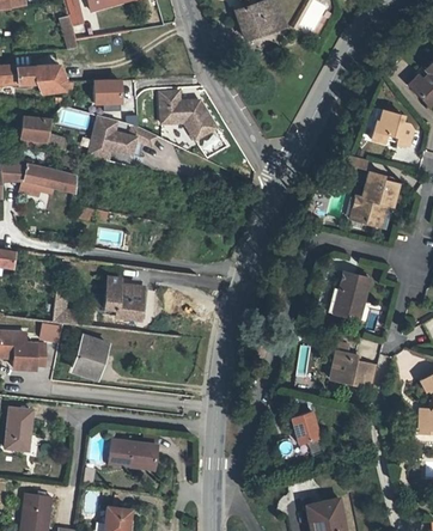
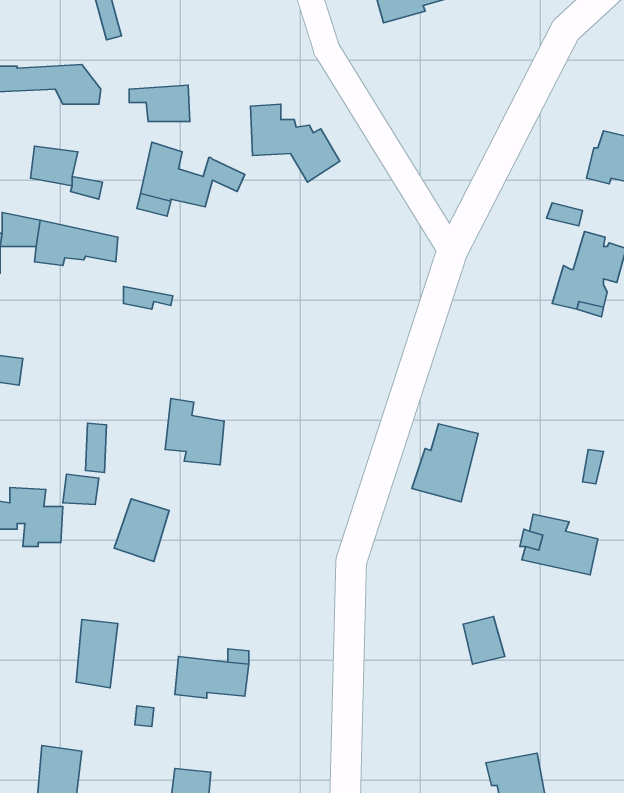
building: [329,270,371,319] -> [412,424,478,502]
building: [6,409,32,452] -> [76,620,118,688]

